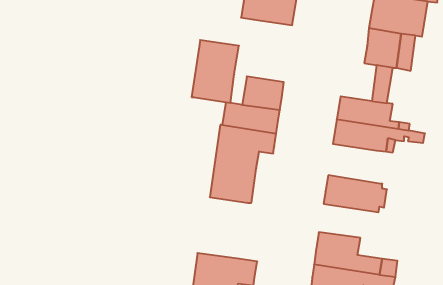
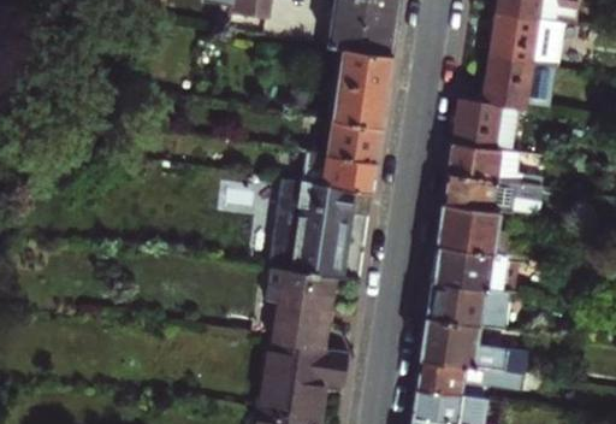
building: [192,40,239,103] -> [331,46,391,125]
building: none -> [452,98,498,149]
building: none -> [437,204,507,254]
building: none -> [265,269,334,349]
building: none -> [425,279,508,326]

